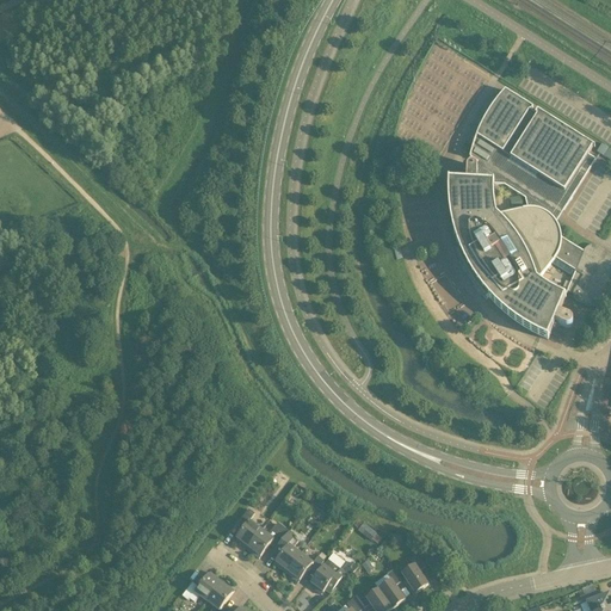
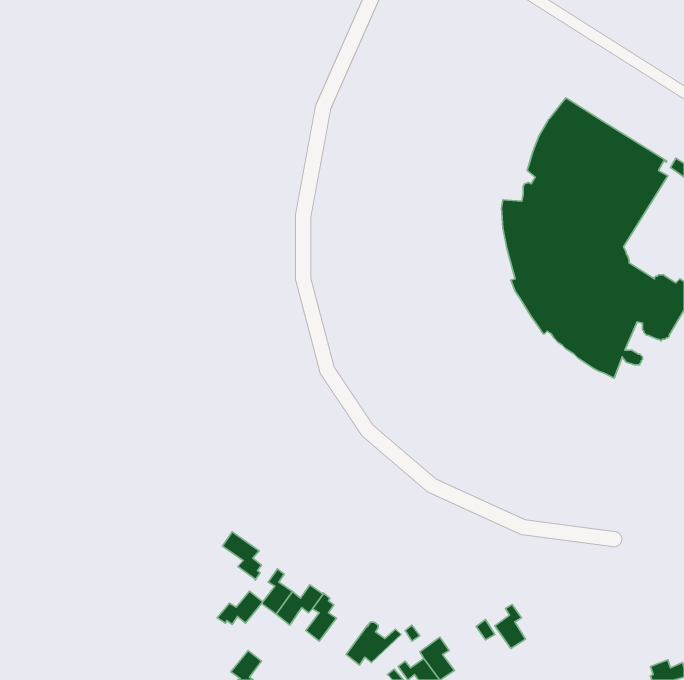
building: none -> [223,532,262,580]
building: [284,550,322,580] -> none
building: [400,551,427,591] -> [495,604,526,649]
building: [180,569,221,599] -> [217,591,263,625]

